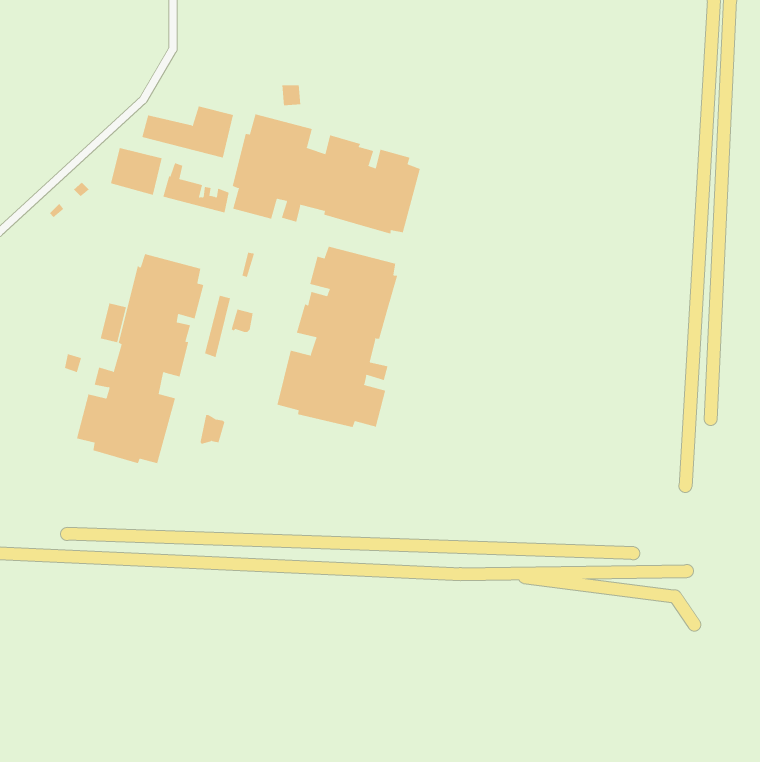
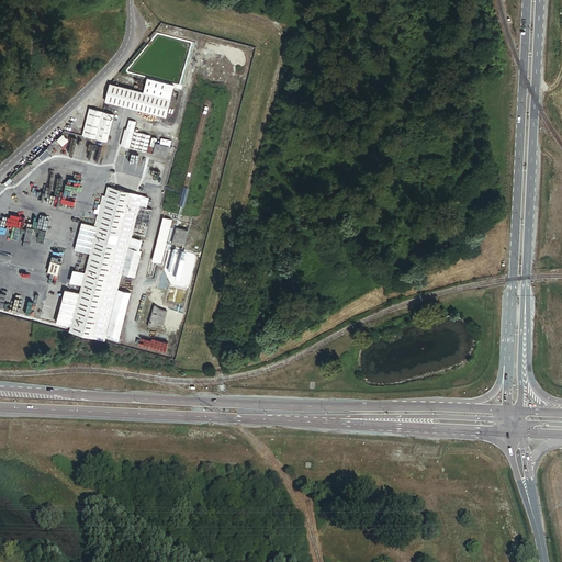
building: [232,114,421,235] -> none
building: [277,246,398,428] -> none

